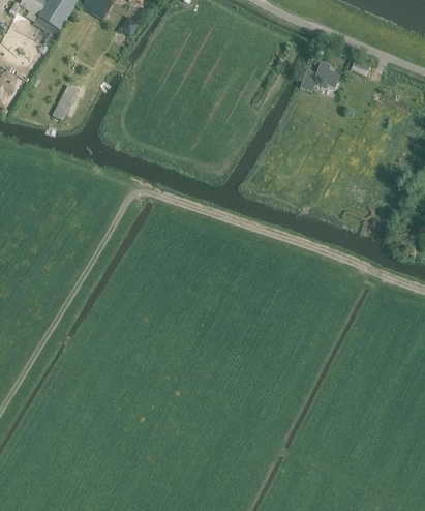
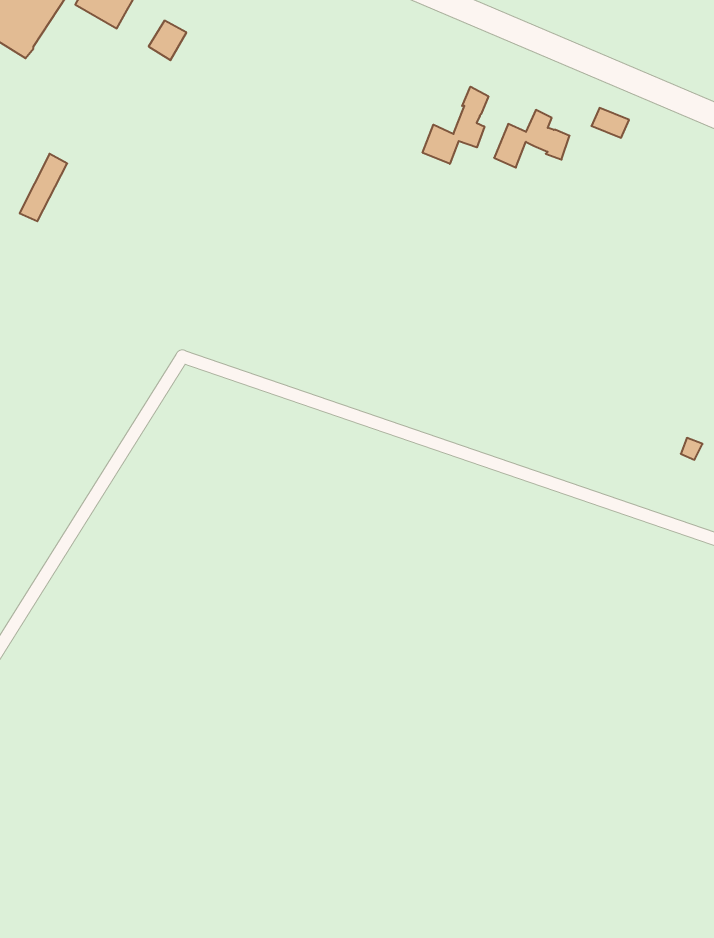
building: none -> [423,87,488,164]

